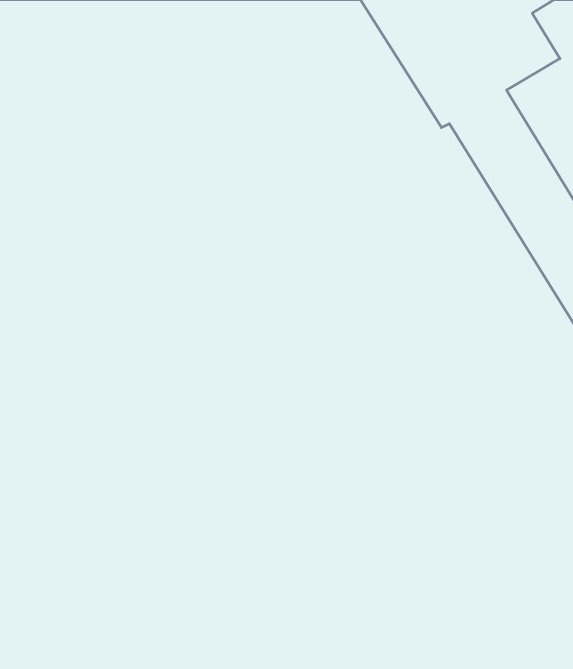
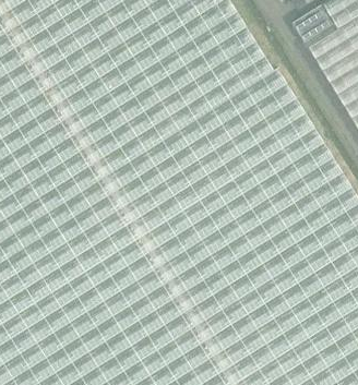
building: none -> [293,7,333,44]

